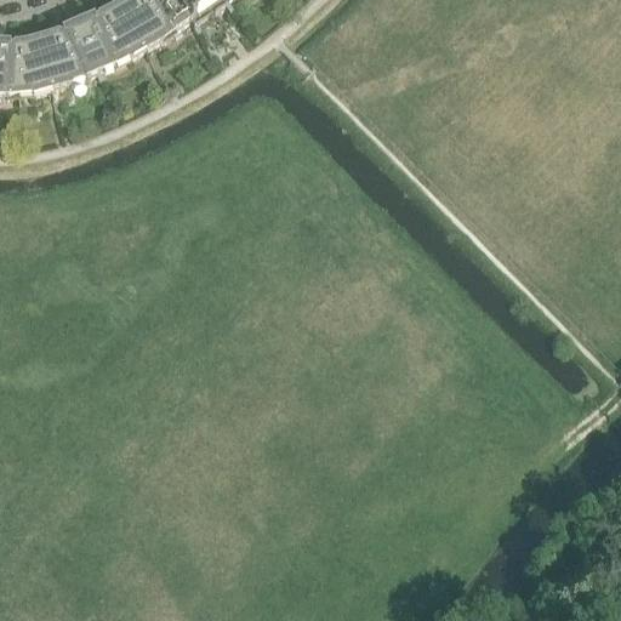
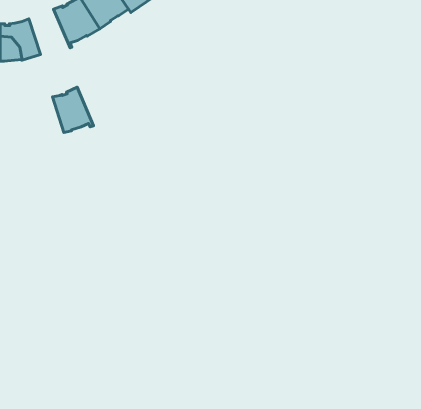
building: [42,13,103,80] -> [52,87,94,132]

